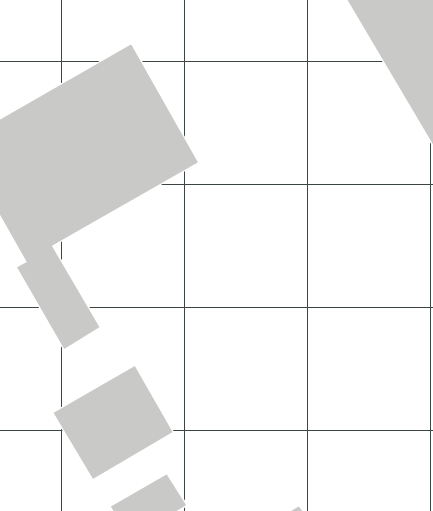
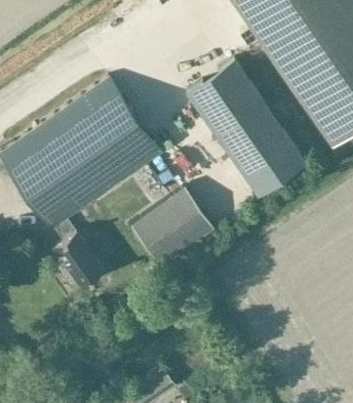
building: none -> [186,59,307,198]
building: [52,365,174,480] -> [131,187,214,267]

